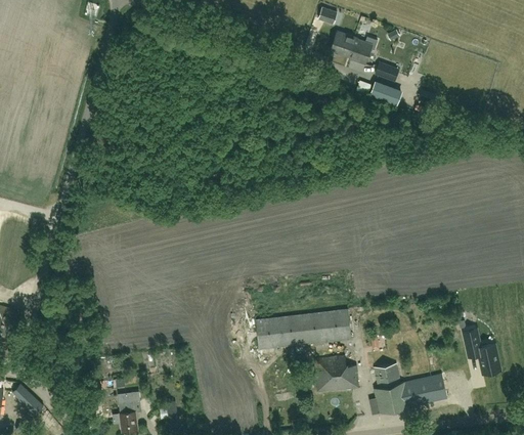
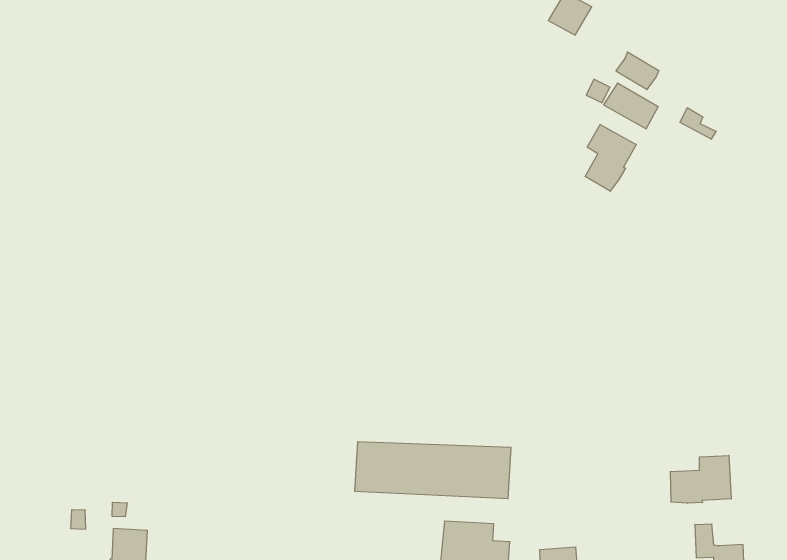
building: [346,37,377,66] -> none
building: none -> [585,124,636,191]
building: none -> [670,455,731,503]

